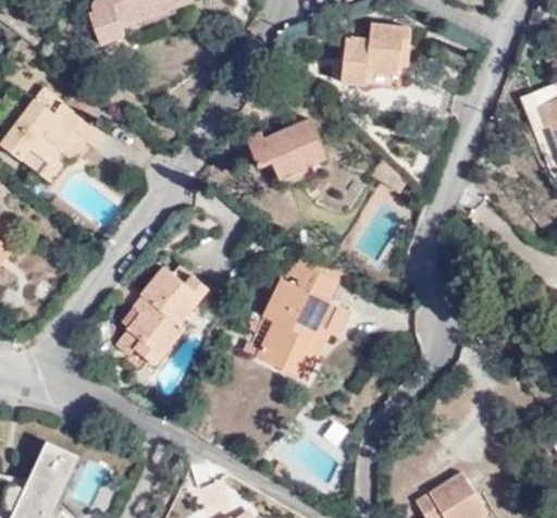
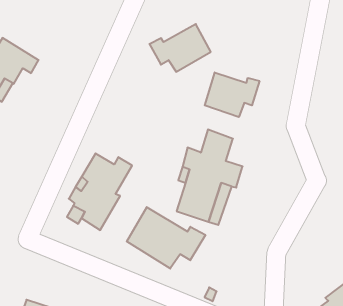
building: none -> [205,72,259,117]
building: none -> [127,207,205,269]

